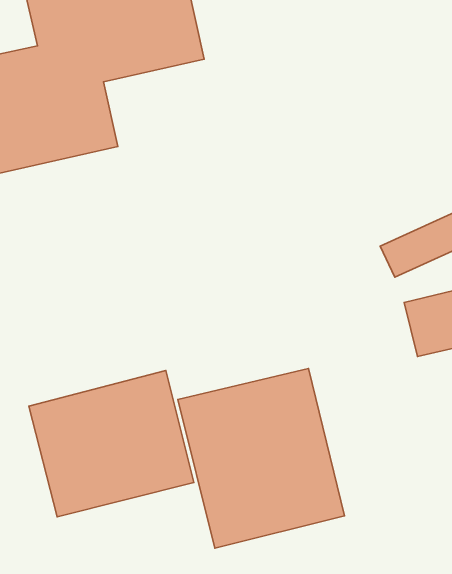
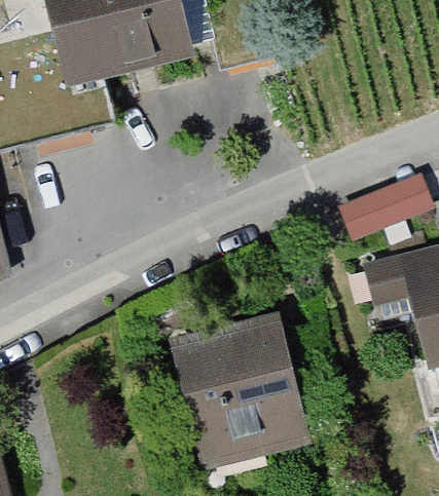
building: [29,371,194,517] -> none

